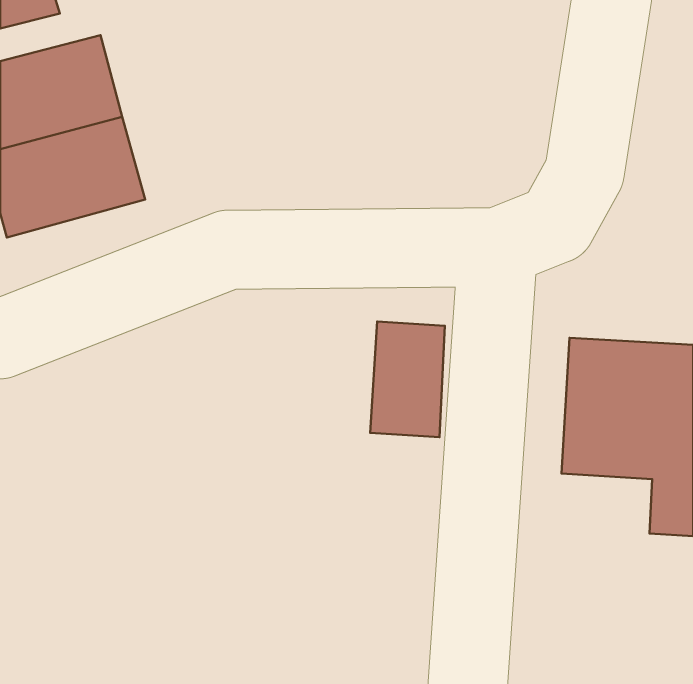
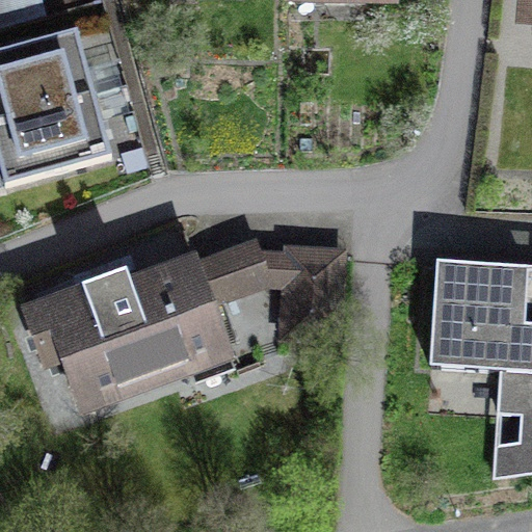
building: none -> [26,241,263,399]

